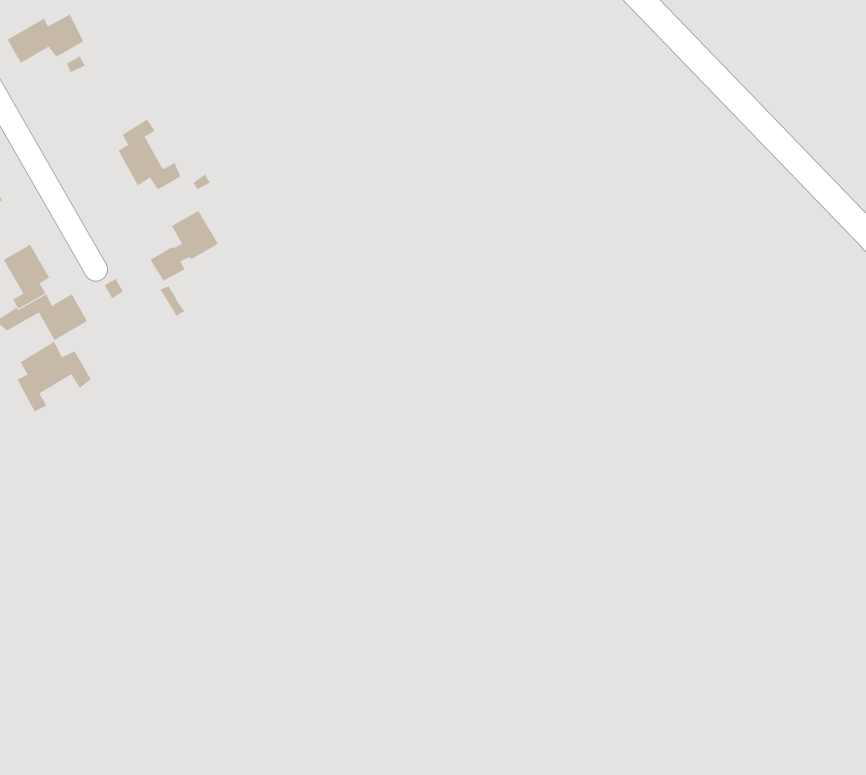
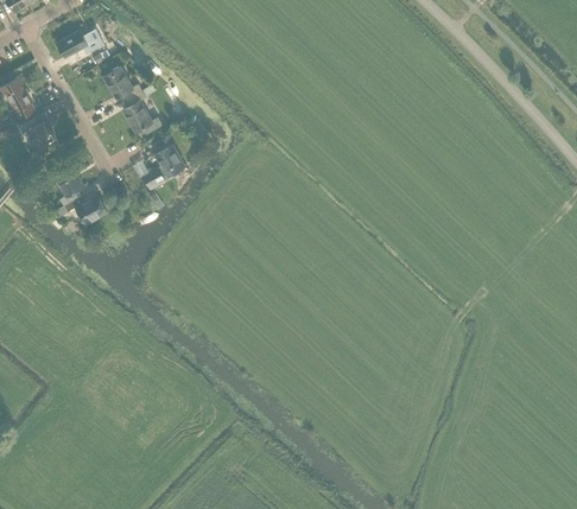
building: none -> [102,65,140,98]
building: [17,341,92,412] -> none

